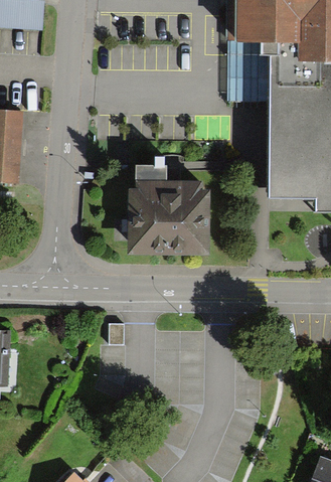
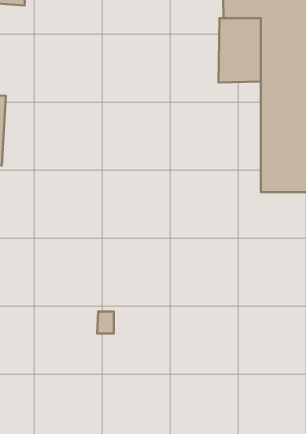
building: [128,159,210,258] -> none

